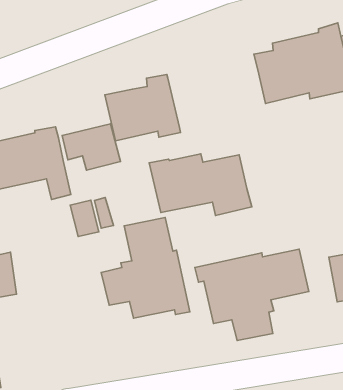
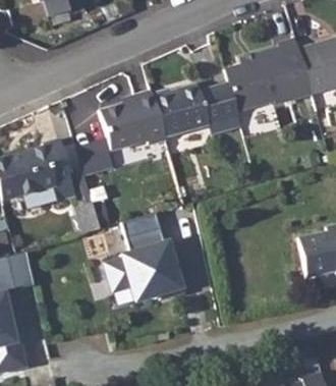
building: [149,154,252,215] -> [154,81,243,134]
building: [195,249,309,341] -> none

